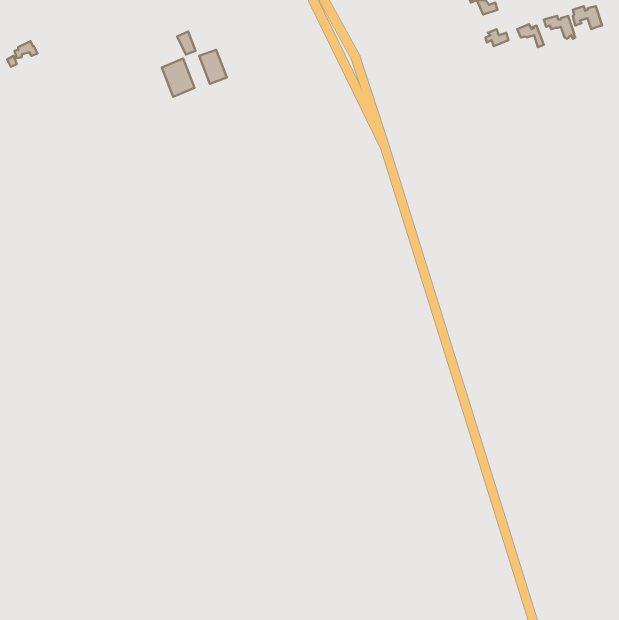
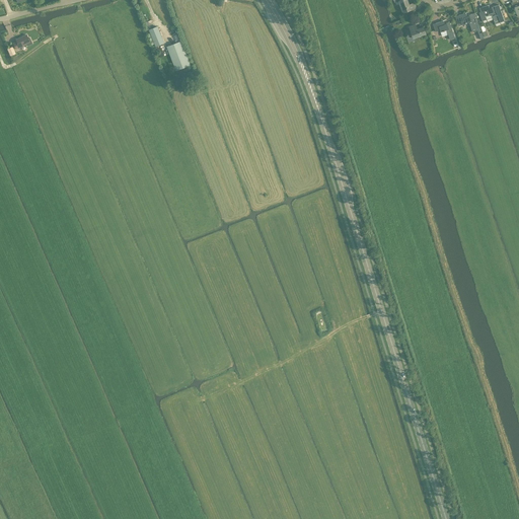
building: [162,58,194,97] -> none

